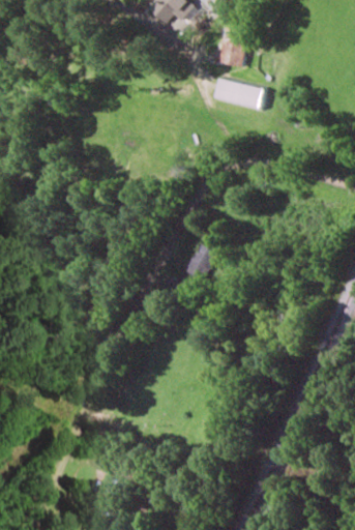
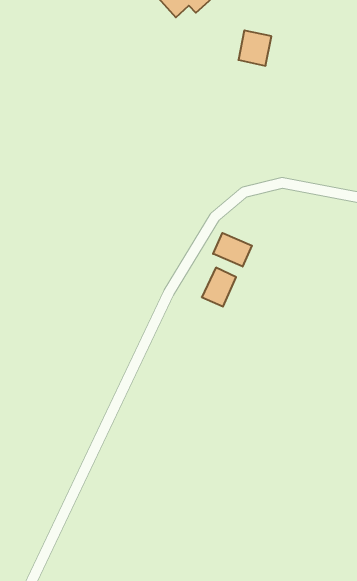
building: [213,79,265,110] -> none
building: none -> [213,233,252,267]

